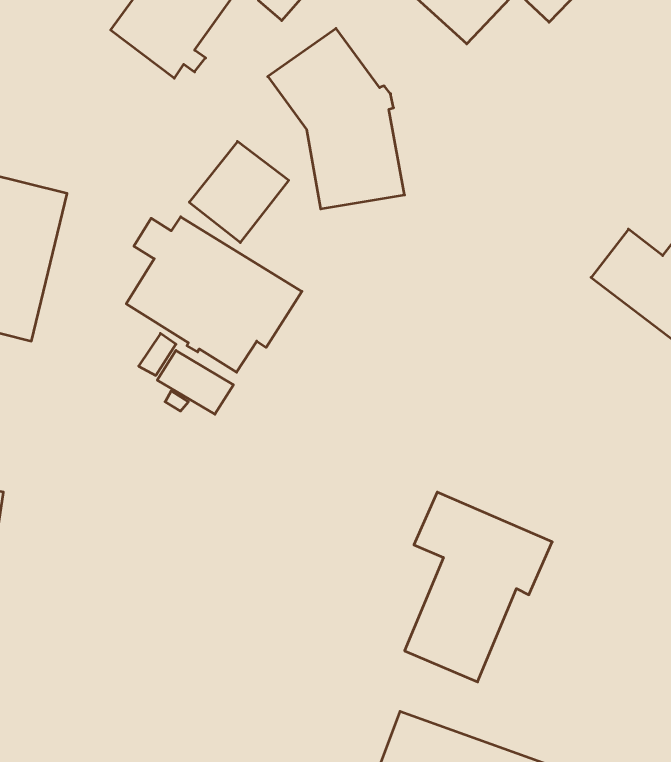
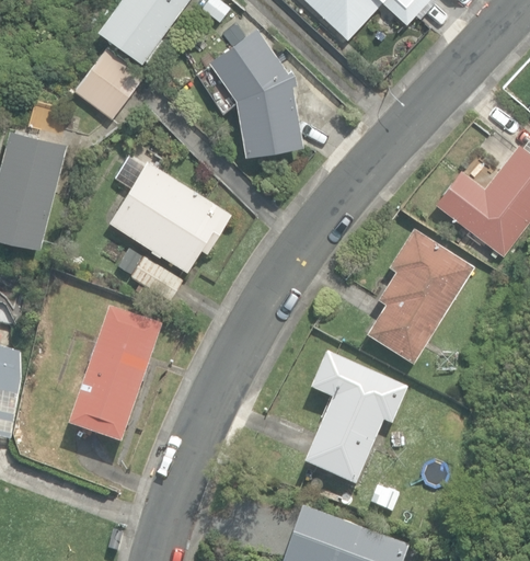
building: [189,141,289,243] -> [73,47,143,118]
building: none -> [366,226,474,360]
building: none -> [69,309,161,445]

